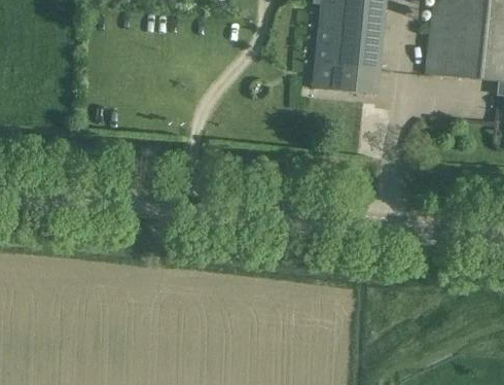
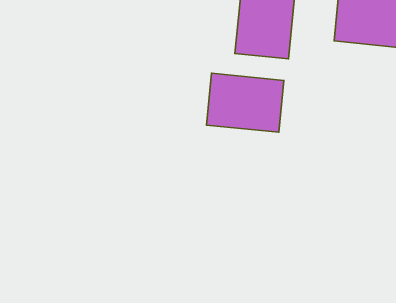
building: none -> [206,73,284,132]

